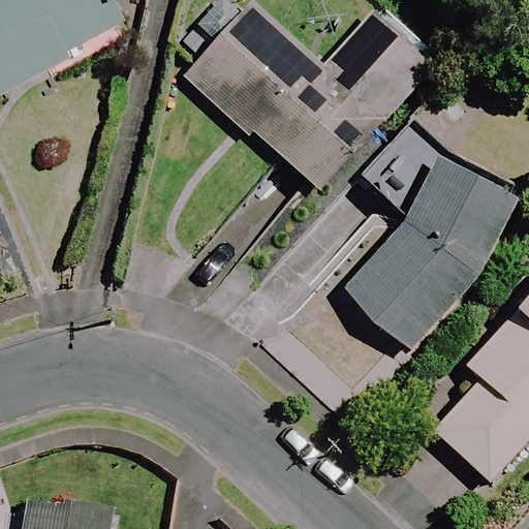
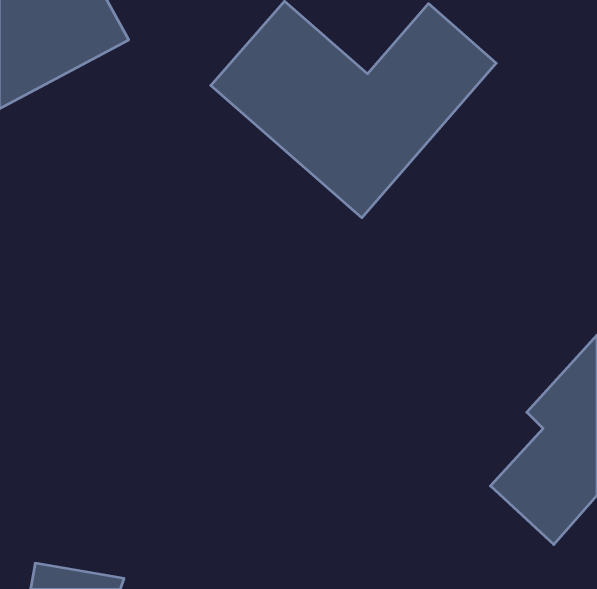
building: [343,127,522,350] -> none

